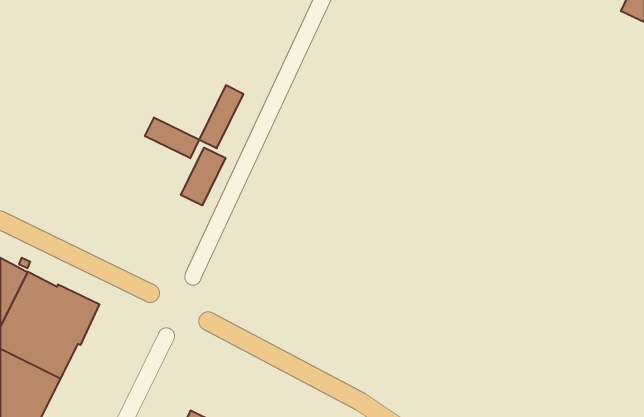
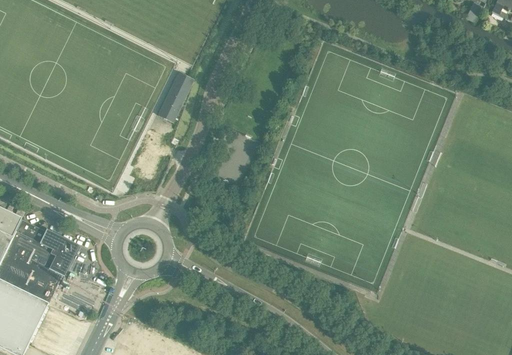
building: [145,117,199,158] -> none
building: [181,148,225,205] -> none

